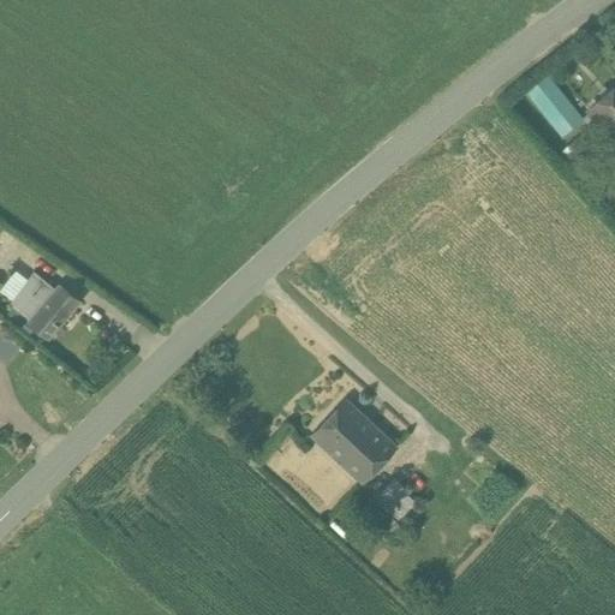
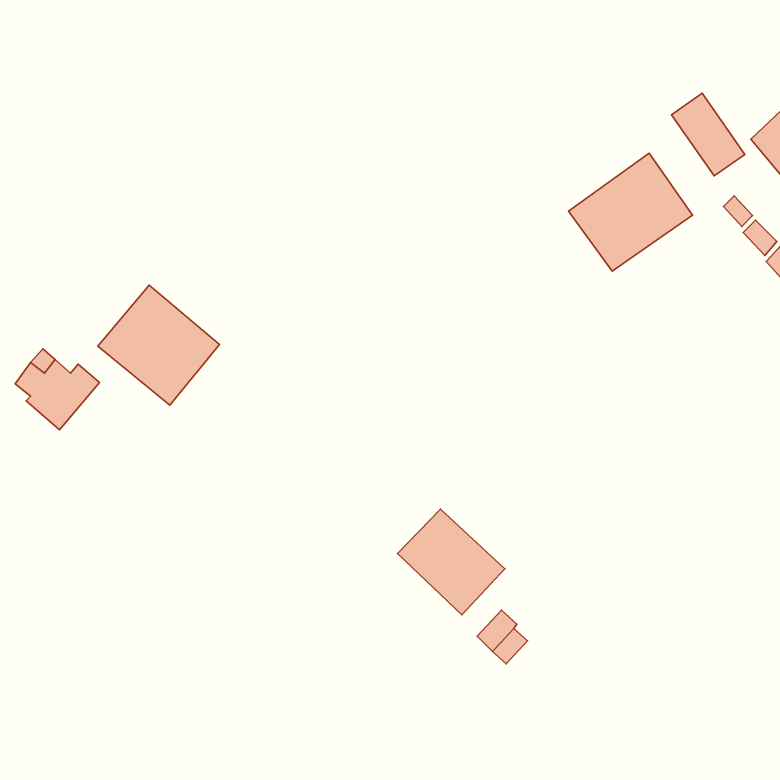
building: none -> [569,153,693,271]
building: none -> [98,285,219,405]

